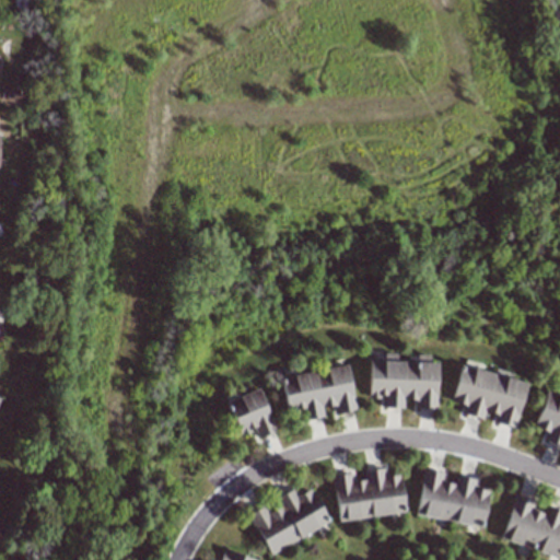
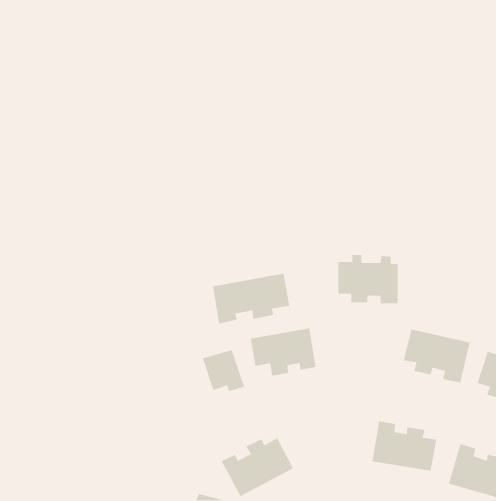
building: none -> [212,273,290,324]
building: [373,353,441,409] -> [338,254,398,304]
building: [337,468,409,521] -> none

